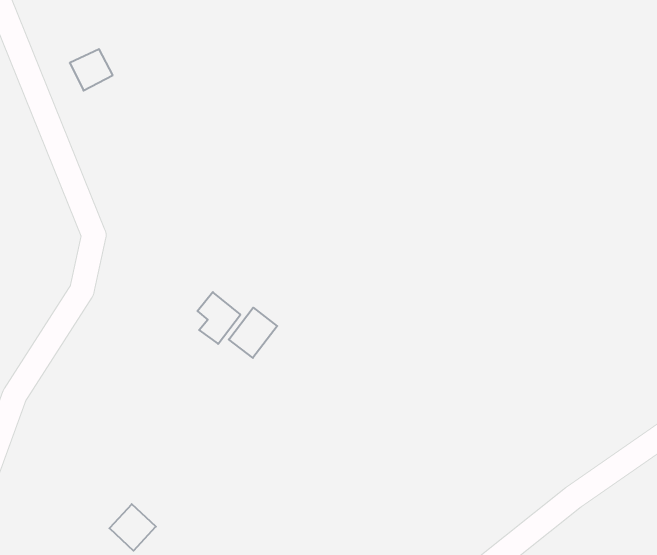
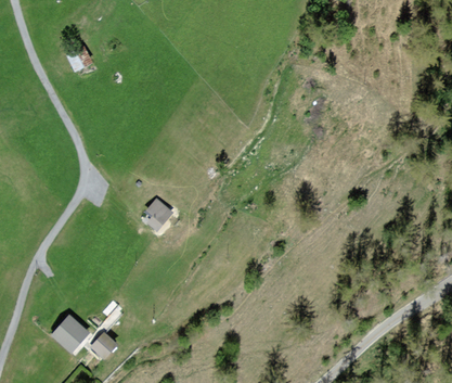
building: [229,308,277,358] -> none
building: none -> [51,315,90,353]

